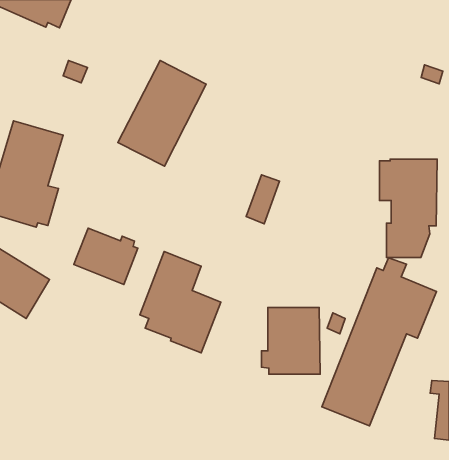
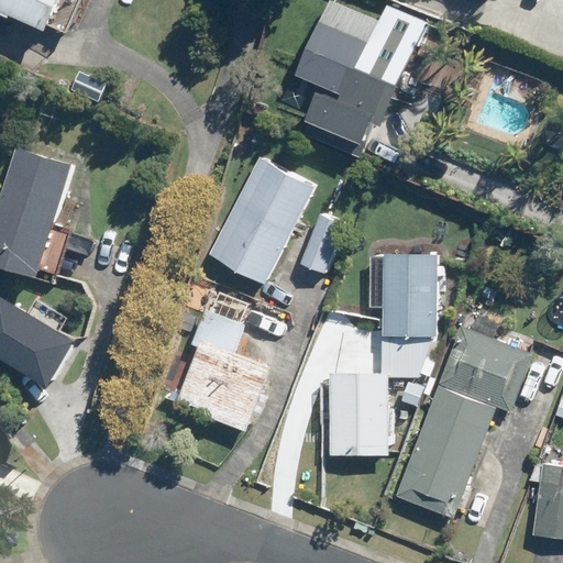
building: none -> [298,4,422,154]
building: [118,61,206,166] -> [208,156,316,285]
building: [379,159,437,257] -> [368,255,439,375]
building: [74,228,138,285] -> none

